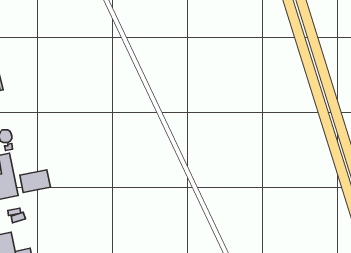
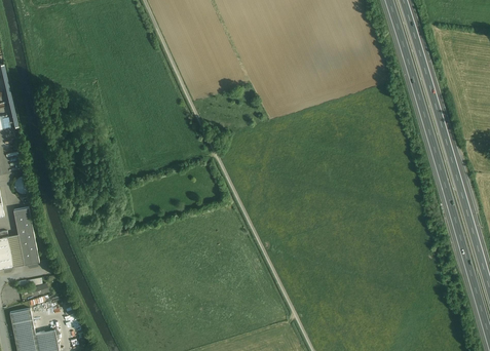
building: [20,170,50,192] -> none

